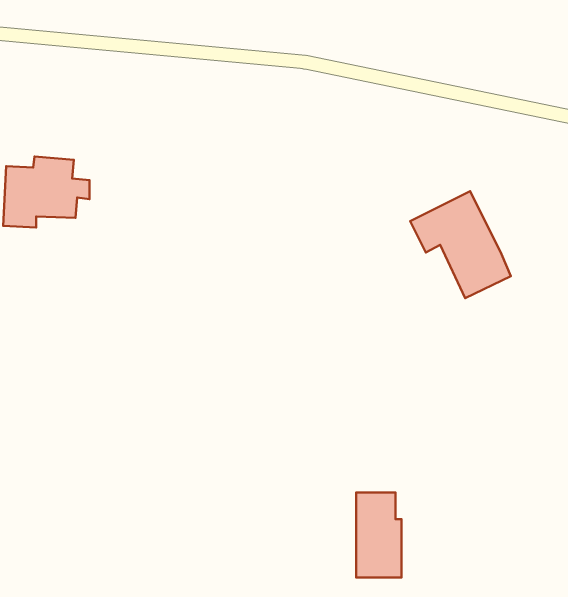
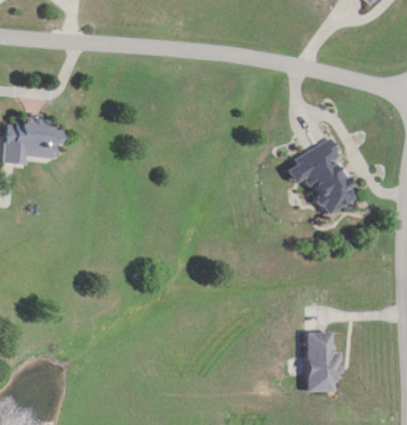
building: [356,493,402,577] -> [306,332,338,391]

